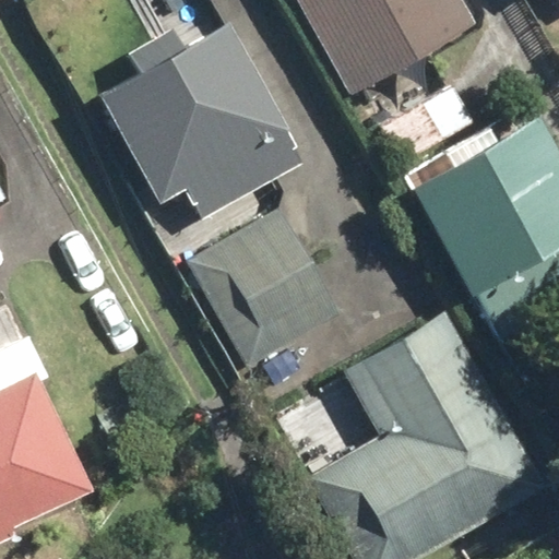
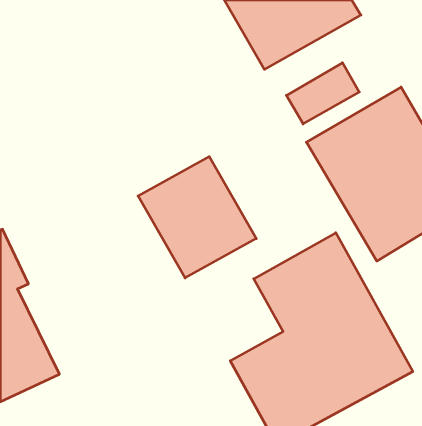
building: [97,21,308,221] -> none

